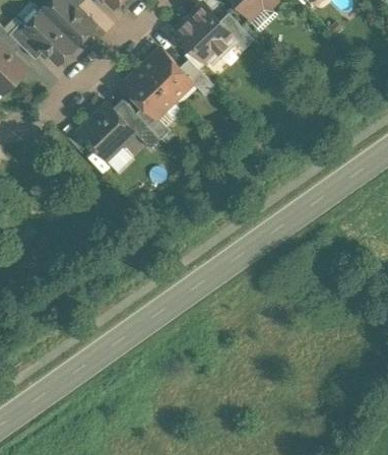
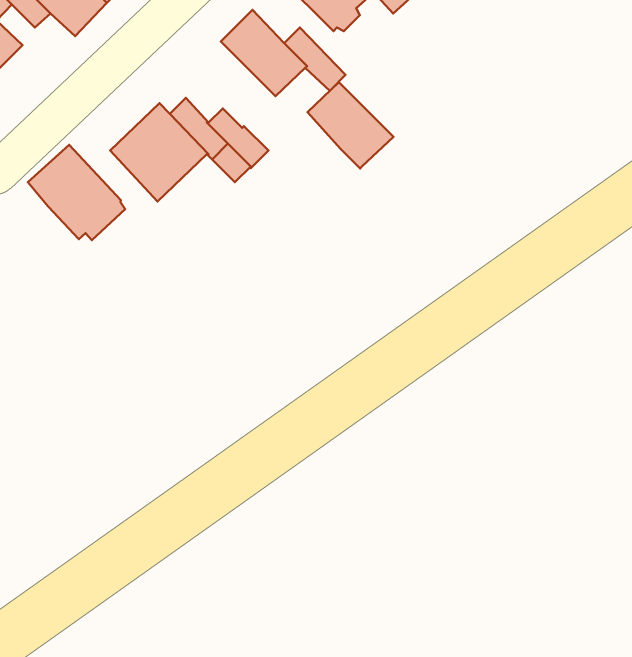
building: [125,67,175,117] -> [307,82,393,168]
building: none -> [28,145,125,240]

